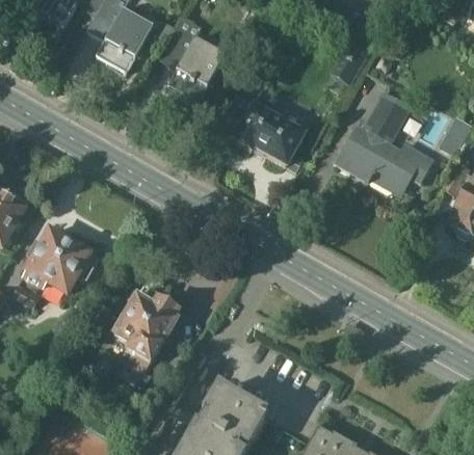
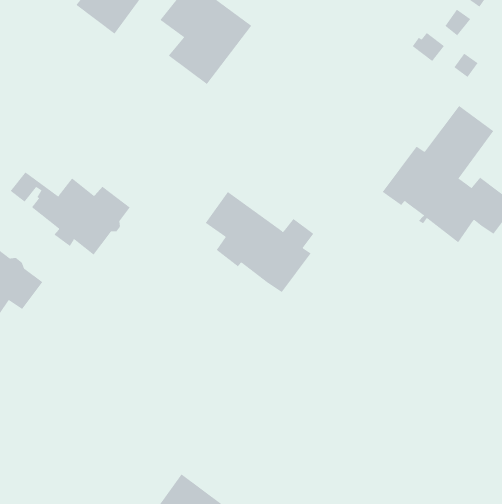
building: [222,95,302,163] -> [205,191,314,293]
building: none -> [10,171,131,255]
building: [112,286,177,373] -> none

